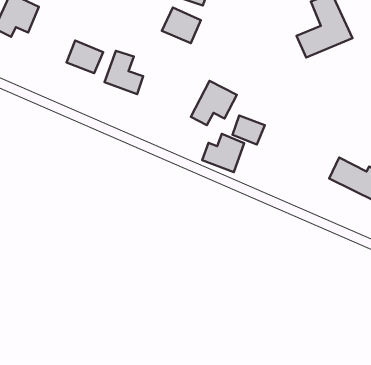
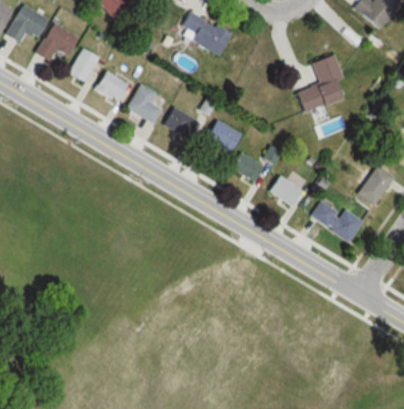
building: [162,7,201,43] -> [163,107,198,140]
building: none -> [69,48,100,83]
building: [202,134,244,172] -> none
building: none -> [270,175,302,205]

